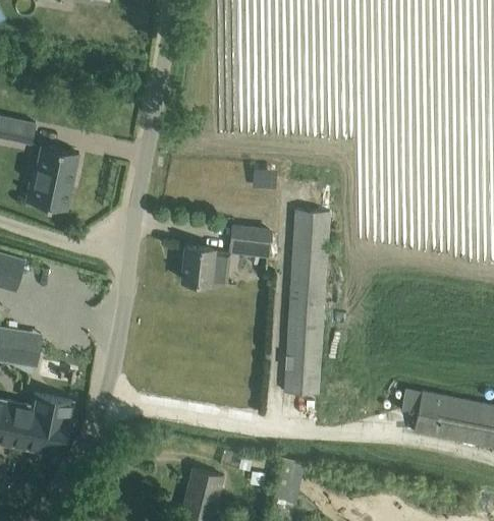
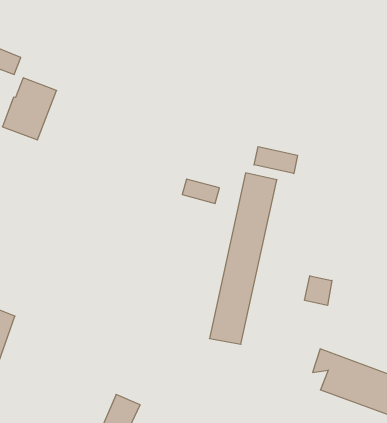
building: none -> [254,147,298,174]
building: [181,247,229,286] -> none
building: none -> [305,276,332,305]

